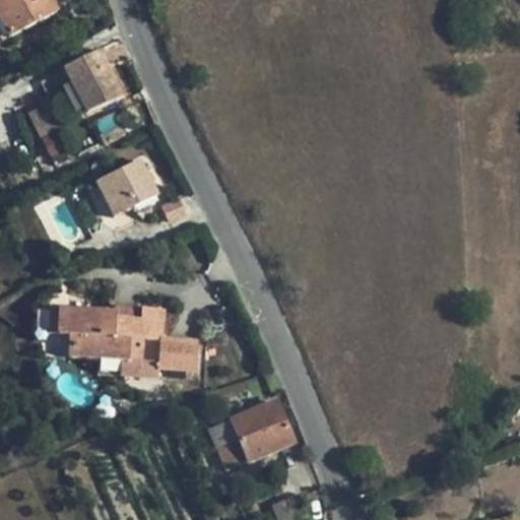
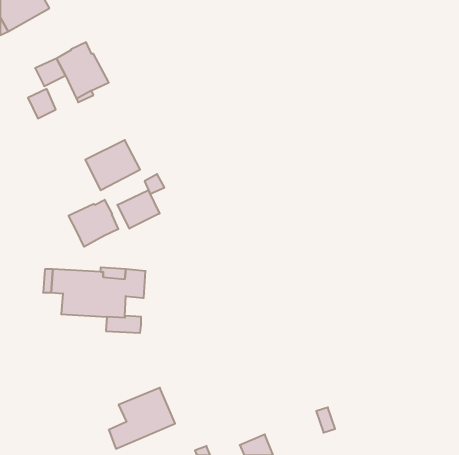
building: none -> [117,190,160,229]
building: none -> [69,200,118,247]
building: [159,337,198,370] -> none
building: [219,399,295,468] -> [109,388,175,449]

